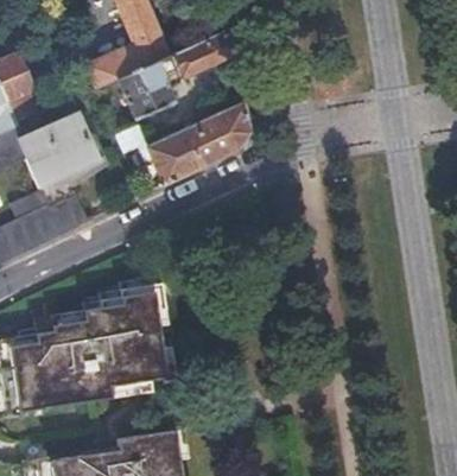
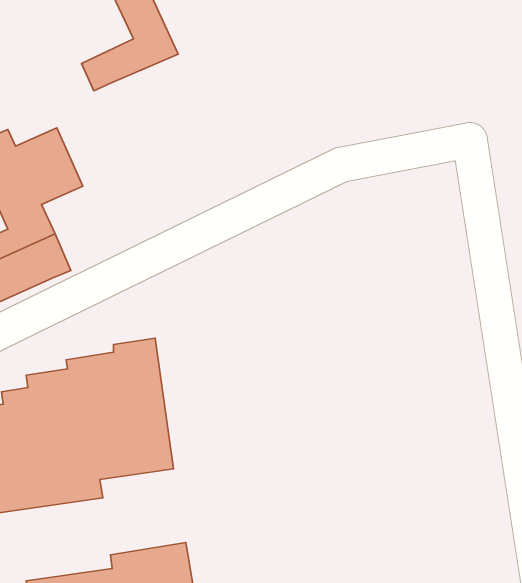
building: [118,26,237,118] -> none
building: [114,89,250,185] -> none

